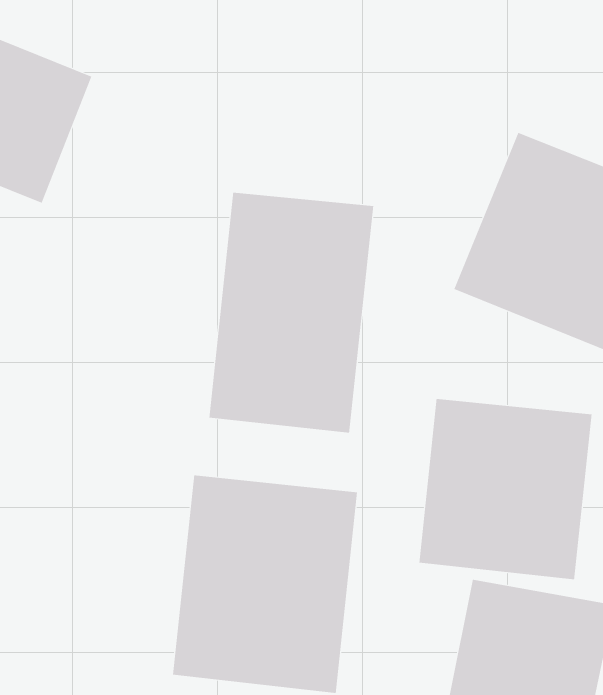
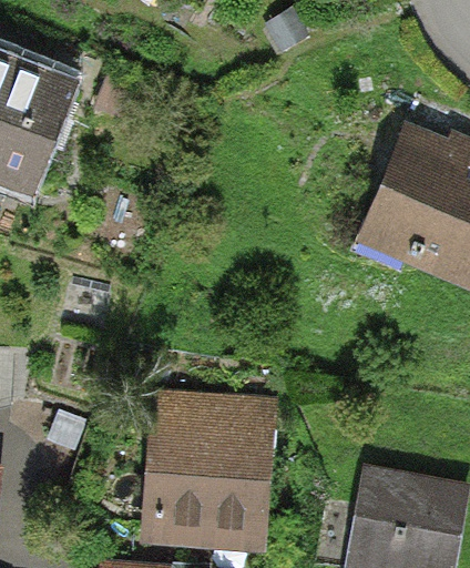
building: [209,192,374,433] -> none
building: [419,398,592,580] -> none

